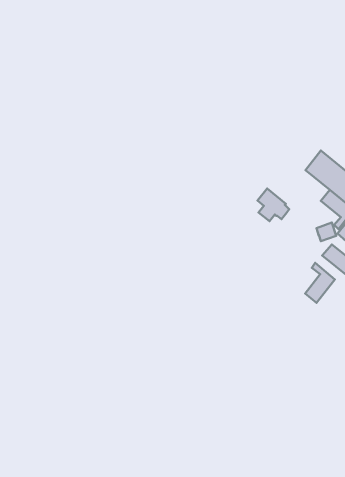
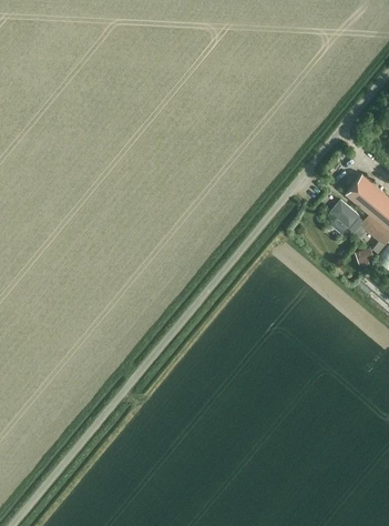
building: [257,188,289,221] -> [330,201,362,234]
building: [305,263,335,303] -> none

